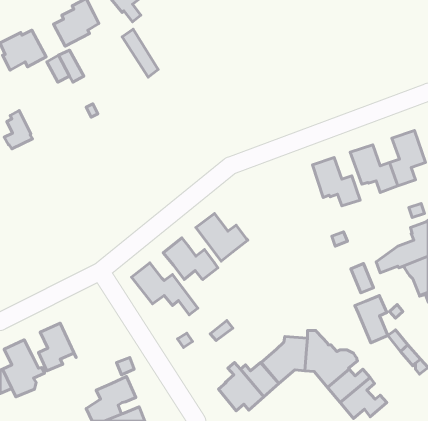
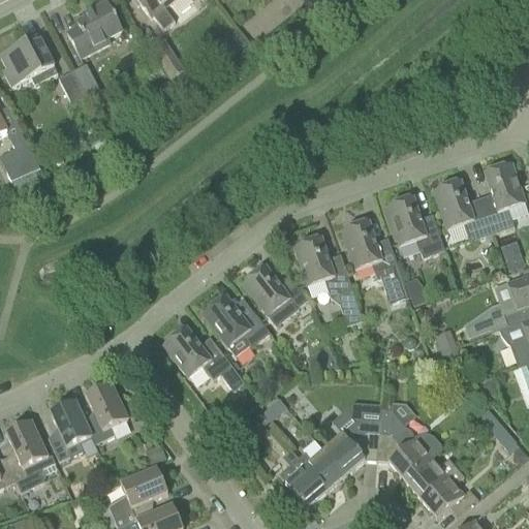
building: none -> [340,218,407,302]
building: none -> [293,235,363,324]
building: [355,295,388,343] -> none
building: none -> [74,381,127,441]

